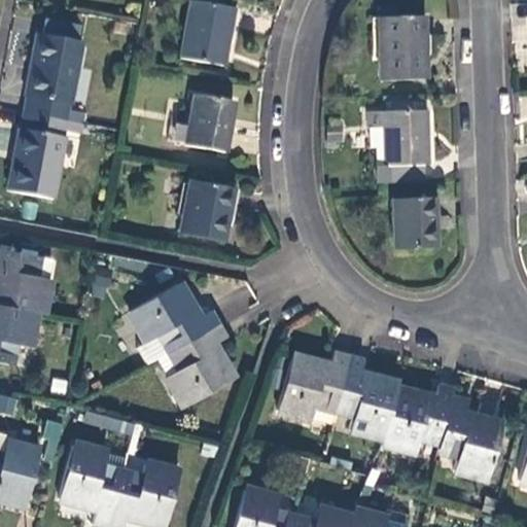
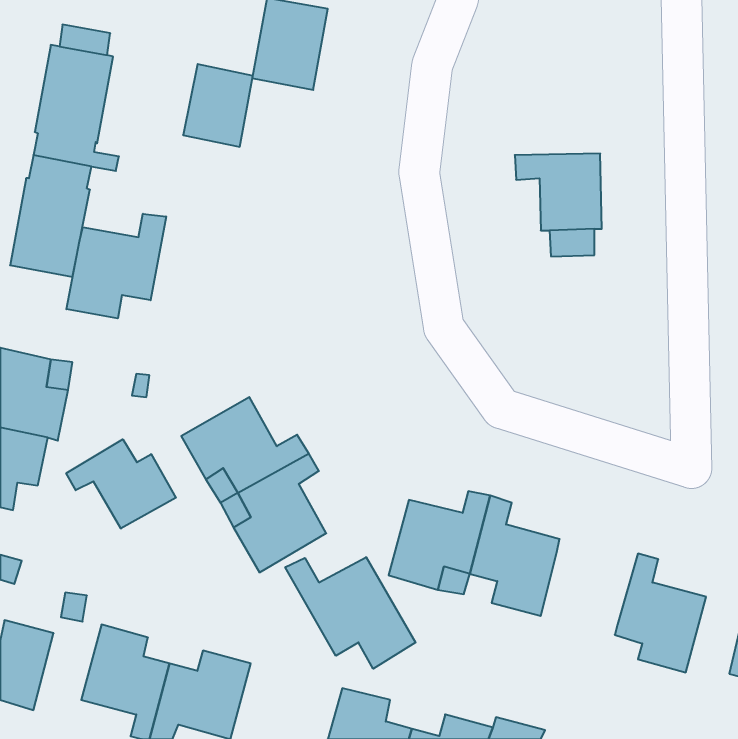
building: [378,14,427,79] -> none
building: [185,92,235,150] -> [183,64,253,147]
building: none -> [66,214,166,318]
building: [181,179,234,239] -> none
building: [394,197,436,248] -> none
building: none -> [66,439,176,529]
building: [384,382,456,454] -> none
building: none -> [285,557,416,669]

